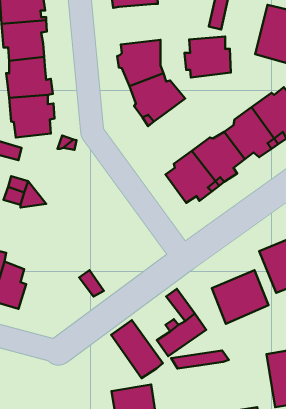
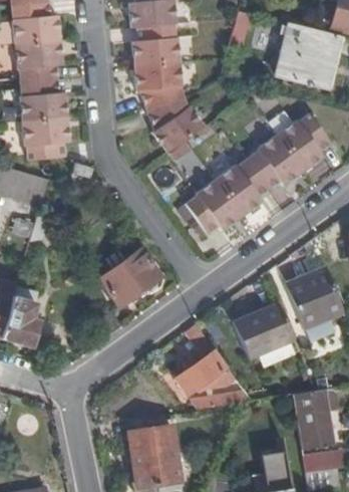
building: [184,37,231,77] -> [131,22,181,65]
building: none -> [99,250,163,307]
building: [111,320,163,378] -> none

